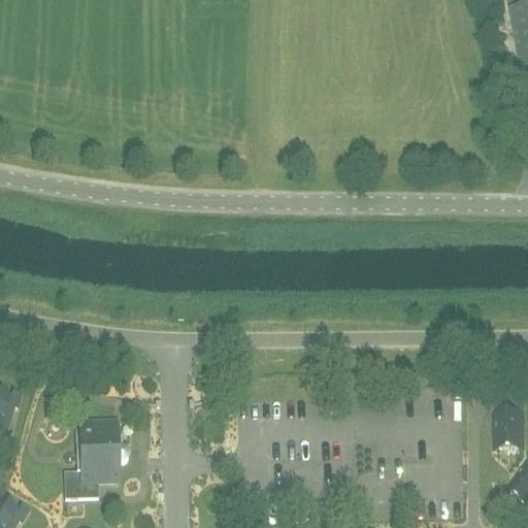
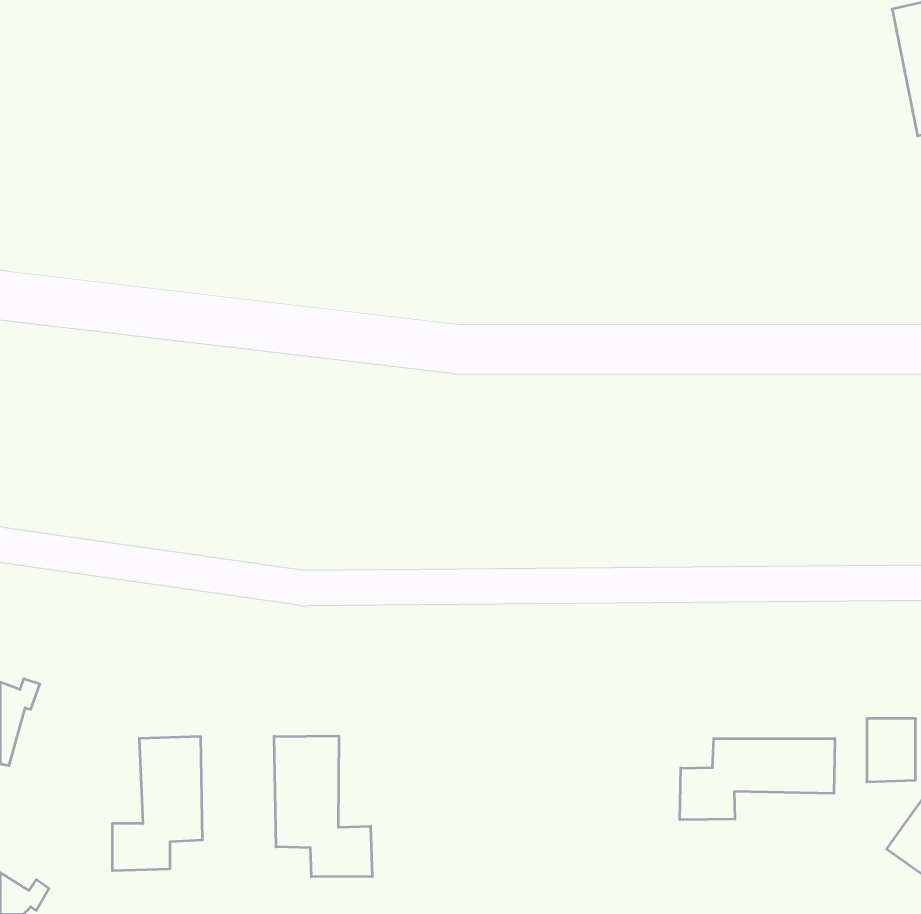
building: none -> [274,736,372,877]
building: none -> [680,738,835,820]

